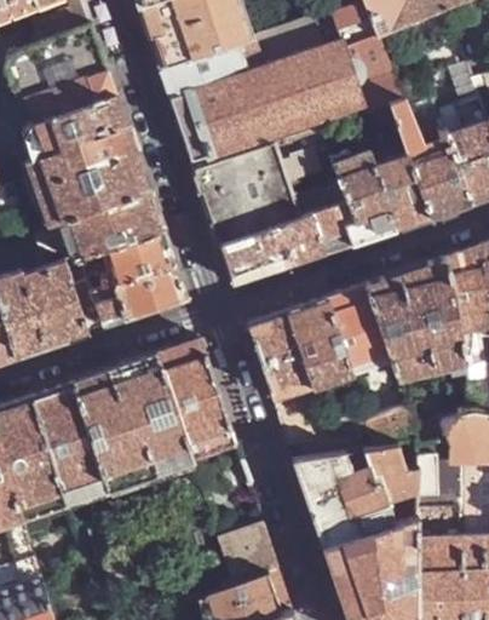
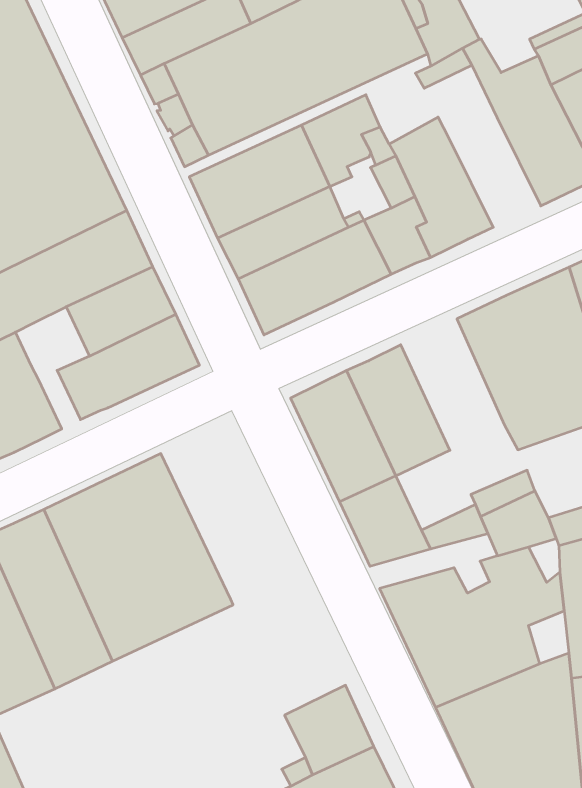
building: [375,155,432,229] -> none
building: [79,251,115,333] -> none
building: [327,288,391,377] -> none
building: [156,343,236,461] -> none

